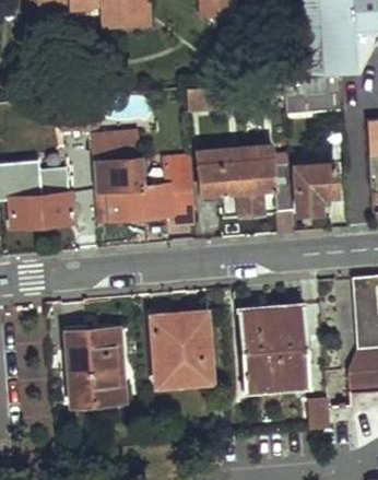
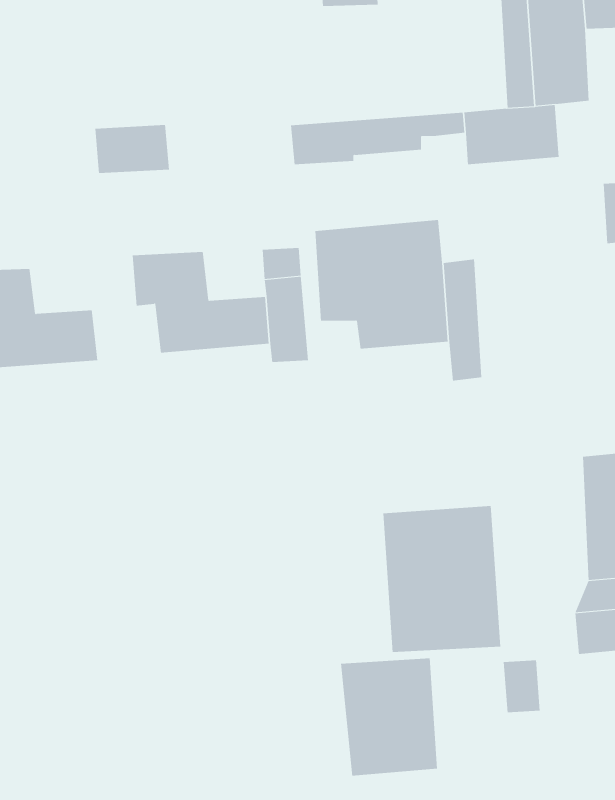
building: [92,133,135,162] -> [94,125,170,174]
building: [296,161,336,214] -> none
building: [152,312,209,381] -> [340,658,438,776]
building: [63,328,126,408] -> none

